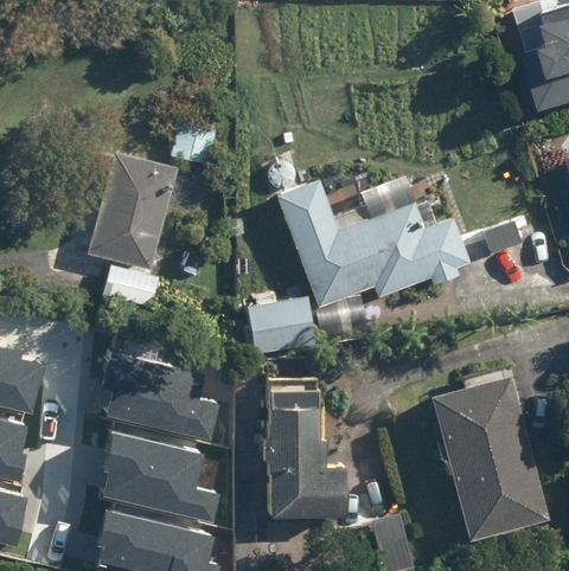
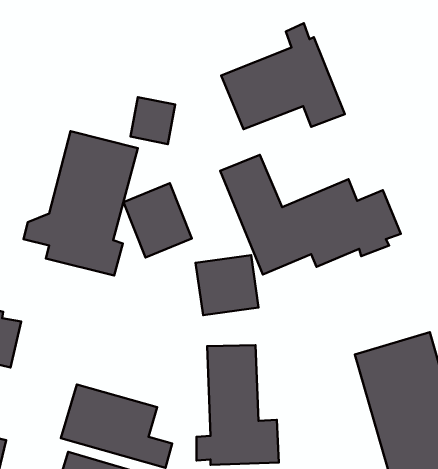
building: none -> [221,23,345,129]
building: none -> [123,183,192,257]
building: [100,346,225,438] -> none

